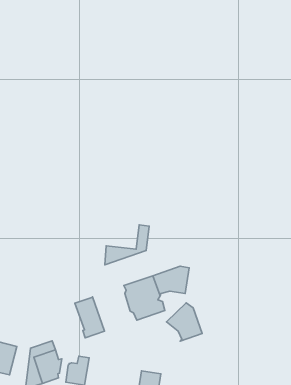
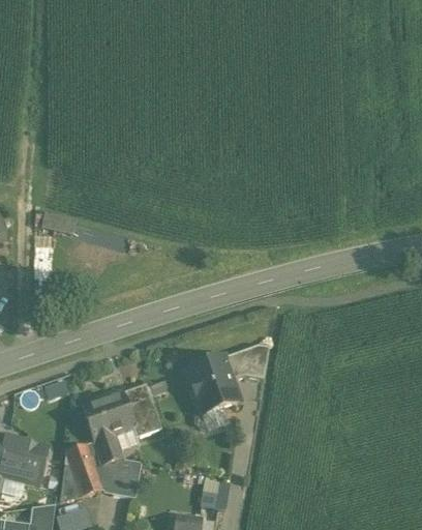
building: [105,225,149,265] -> none
building: [166,303,202,341] -> none
building: none -> [81,391,134,464]

